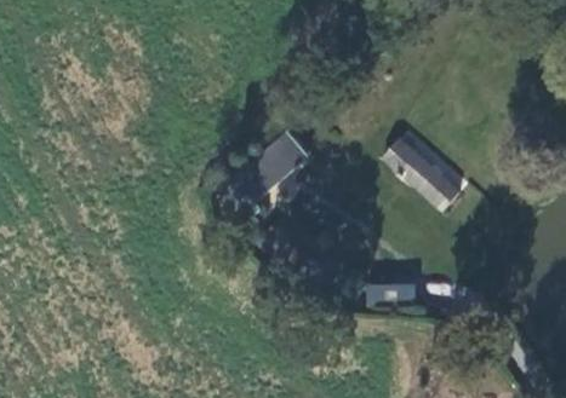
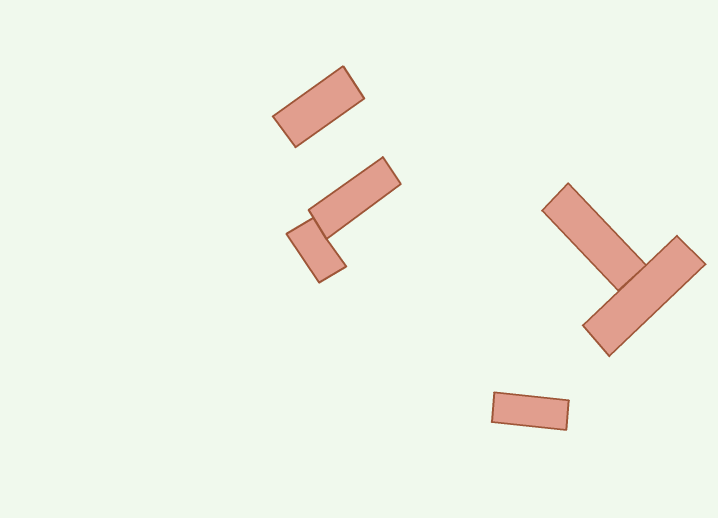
building: none -> [273,66,364,147]
building: none -> [583,236,706,356]

